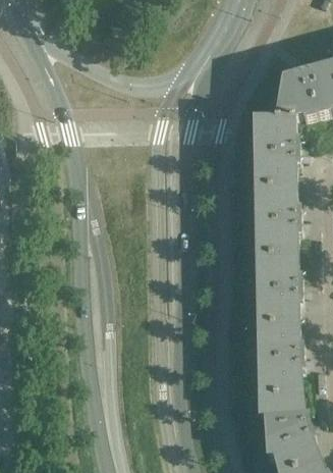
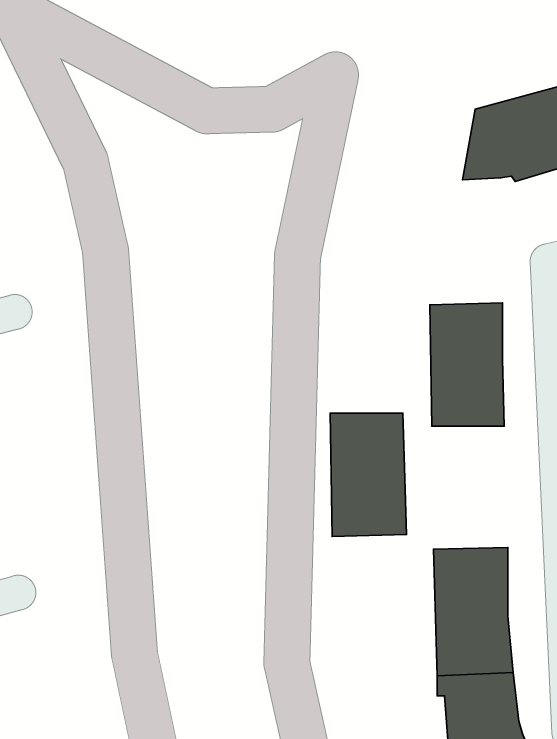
building: [252,112,294,183] -> none
building: [255,252,297,321] -> [330,413,406,536]

